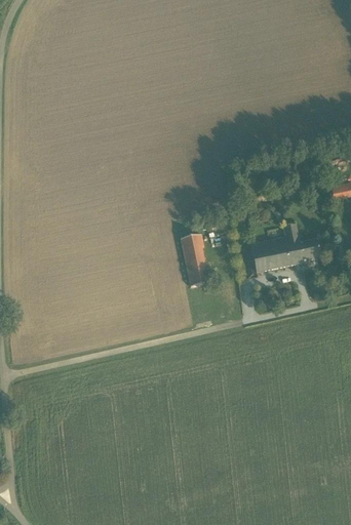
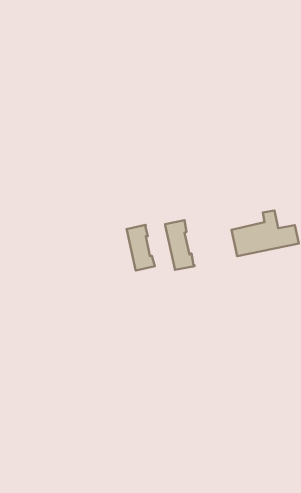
building: none -> [127,225,155,271]

